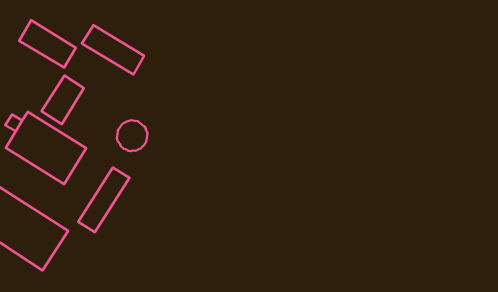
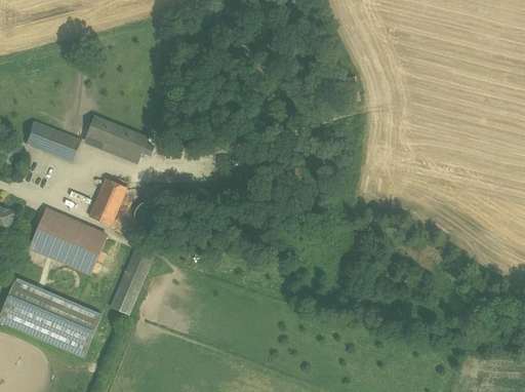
building: [41,75,84,124] -> [88,178,125,225]

